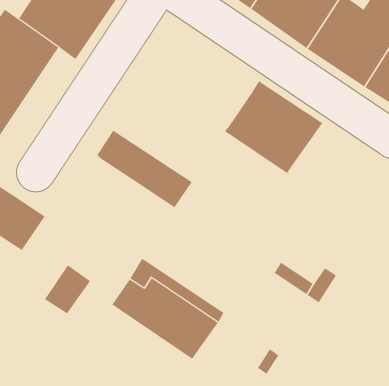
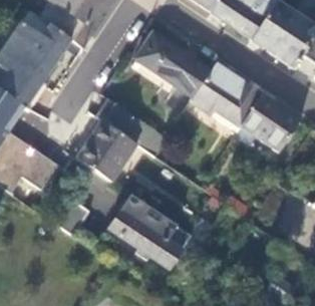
building: none -> [132,34,211,98]
building: none -> [241,96,300,152]
building: none -> [76,122,135,182]

